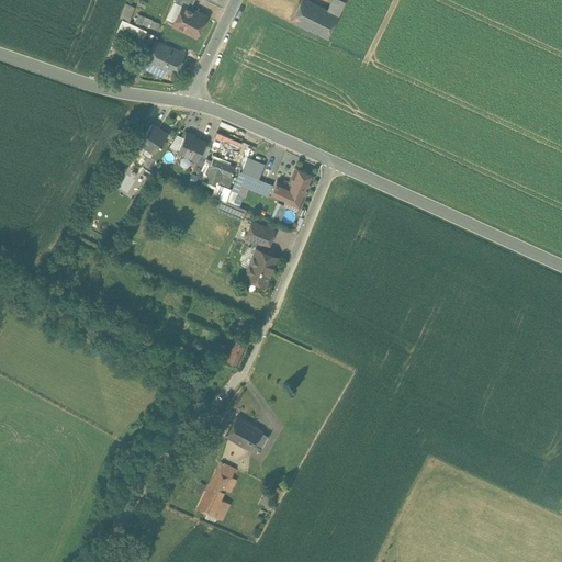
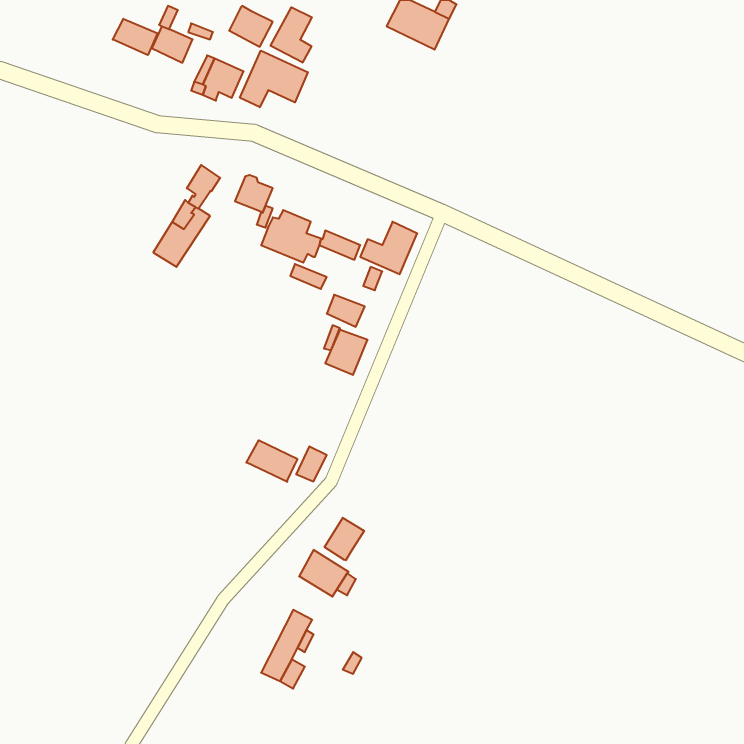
building: none -> [271,7,312,63]
building: none -> [113,19,157,55]
building: none -> [240,51,308,107]
building: none -> [246,440,297,482]
building: none -> [325,518,364,560]

